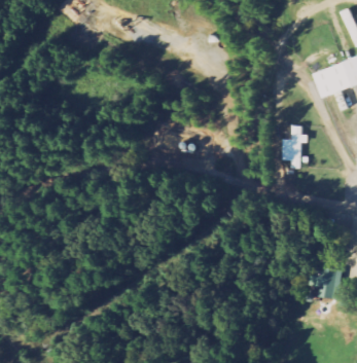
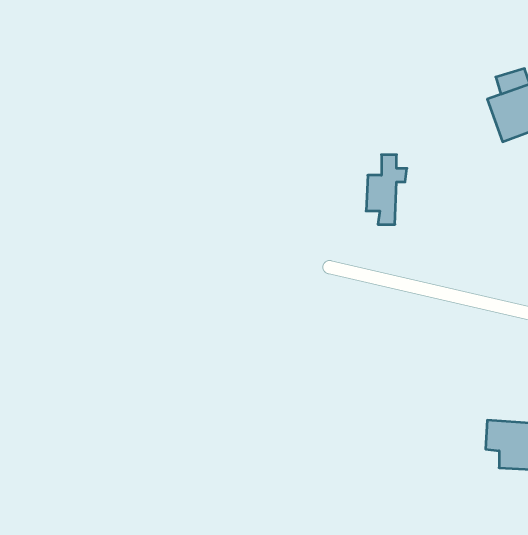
building: [282,126,307,169] -> [366,155,407,224]

